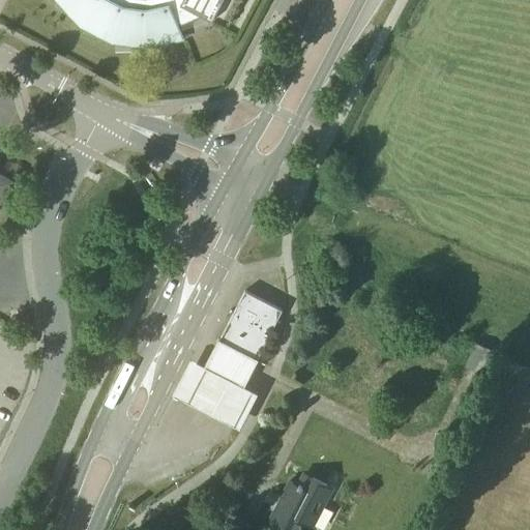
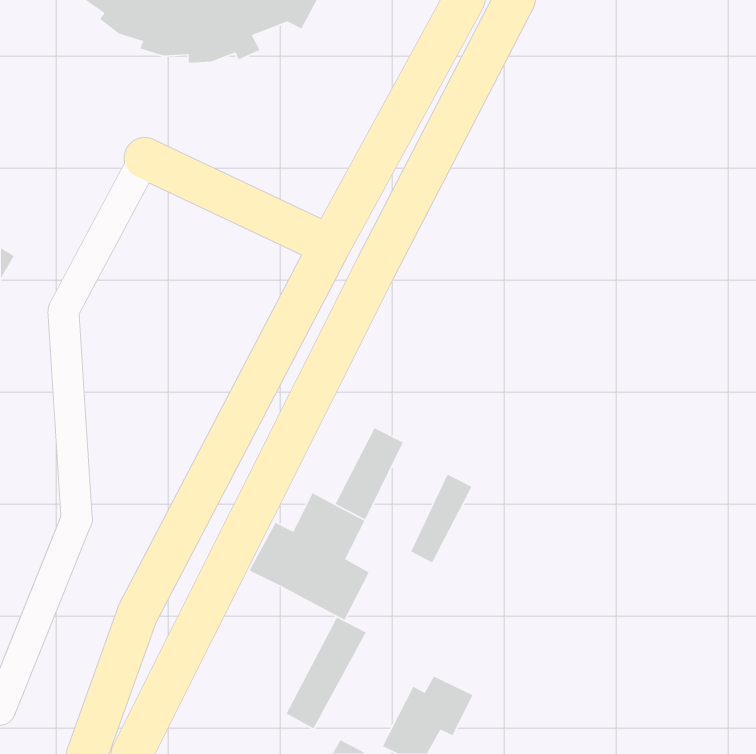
building: [218,290,262,353] -> [410,473,472,564]
building: none -> [285,617,367,729]

